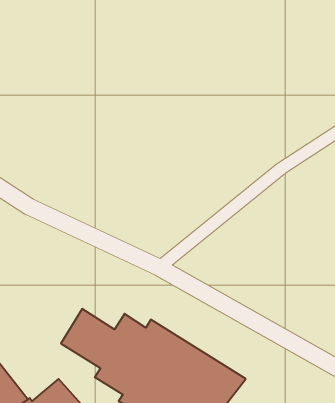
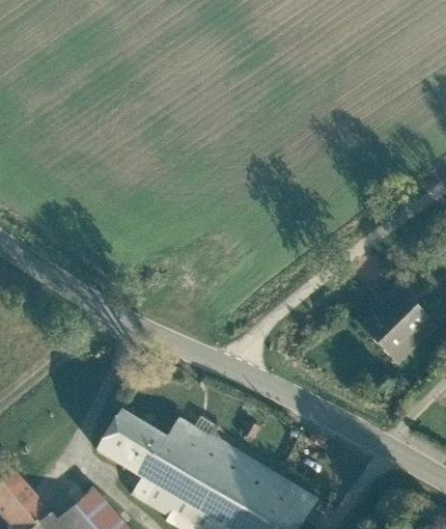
building: none -> [367,288,437,365]

